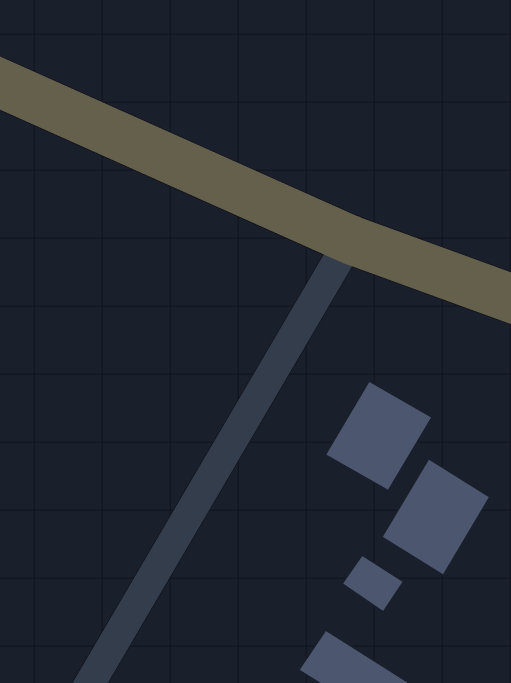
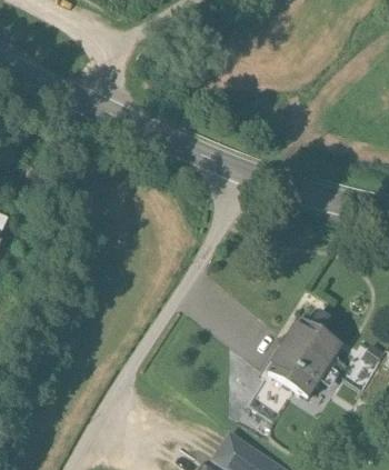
building: [325,381,432,491] -> none

